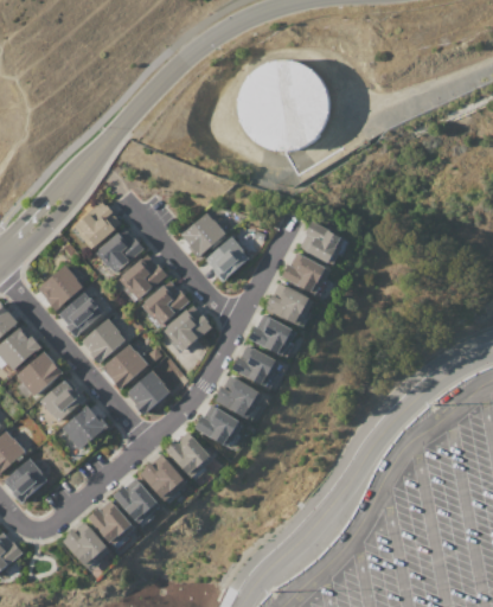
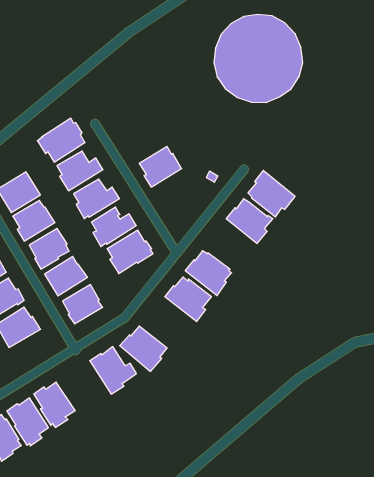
building: [204,236,249,281] -> none
building: [264,282,318,327] -> none
building: [215,376,262,421] -> none
building: [139,454,186,504] -> none

